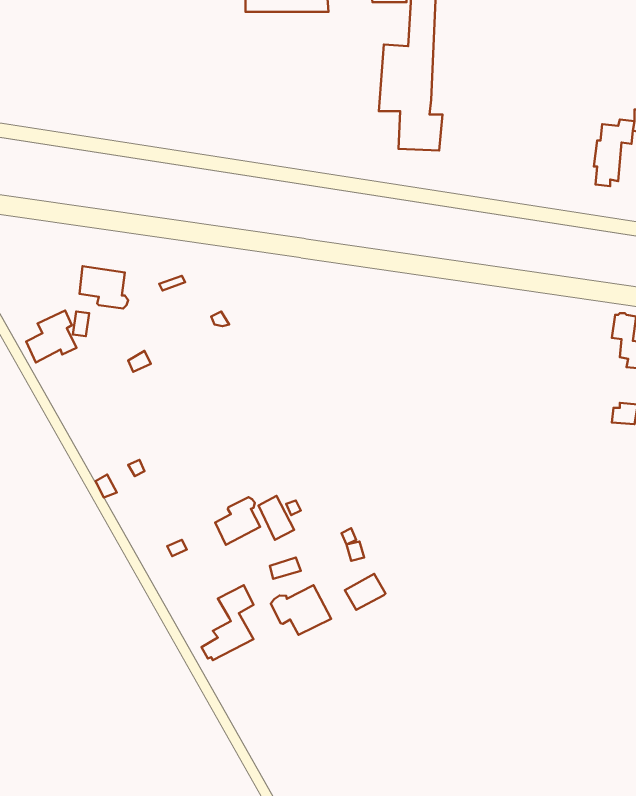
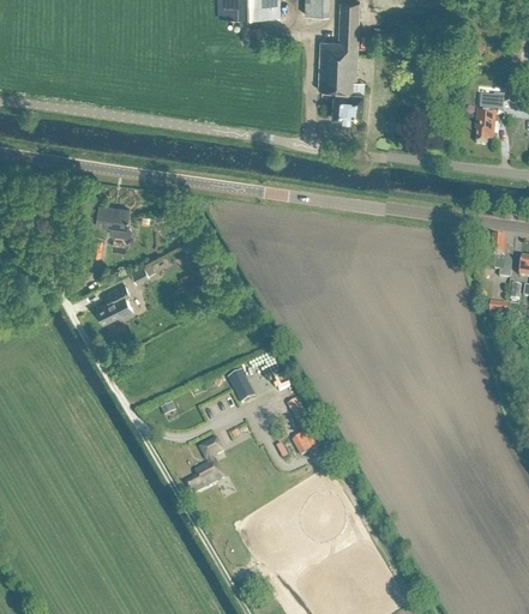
building: [26,310,77,363] -> [96,281,133,319]
building: [215,497,260,545] -> none
building: [271,585,331,635] -> none

